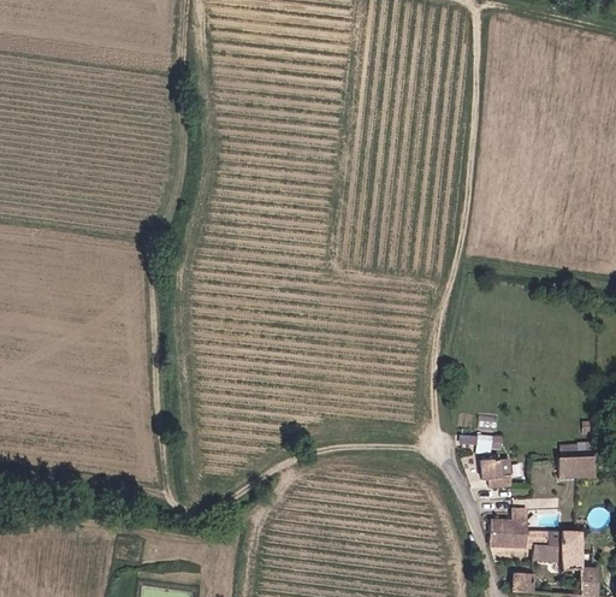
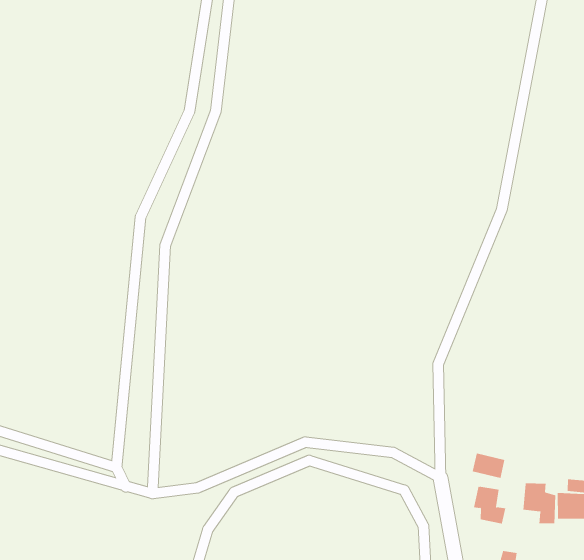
building: none -> [523,482,556,524]

